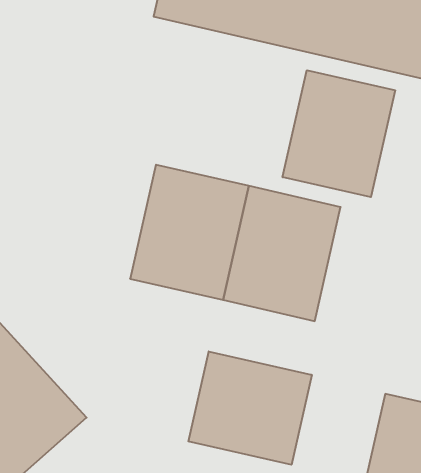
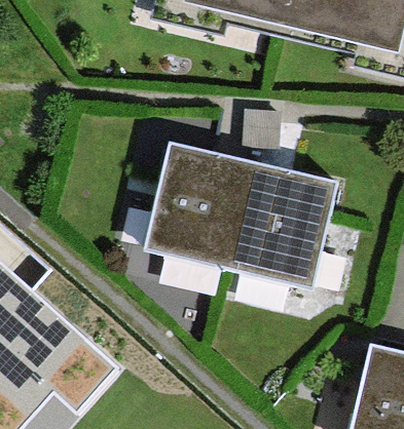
building: [283,70,395,197] -> none
building: [188,351,312,465] -> none

